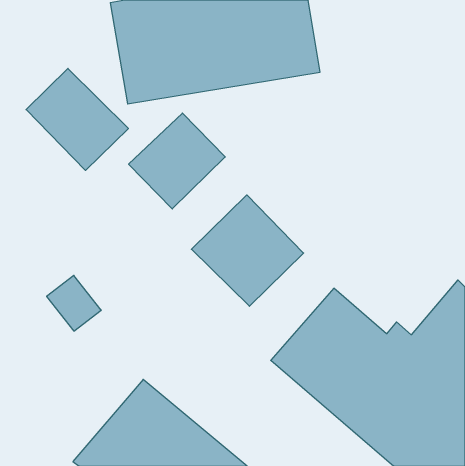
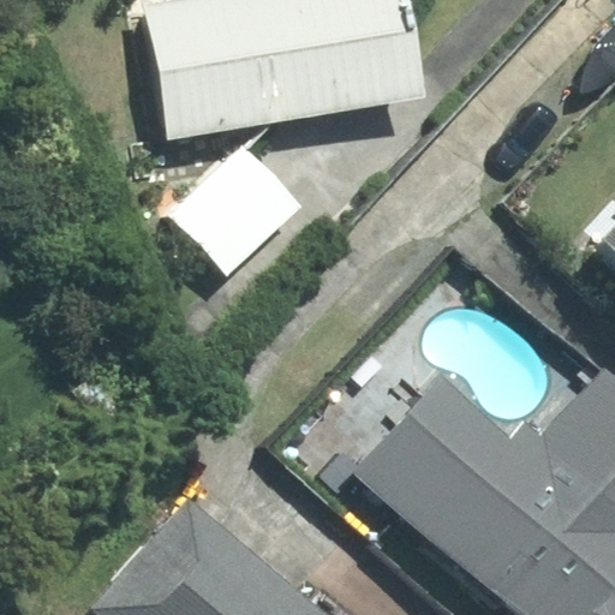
building: [26,68,128,170] -> none
building: [191,195,304,306] -> none

